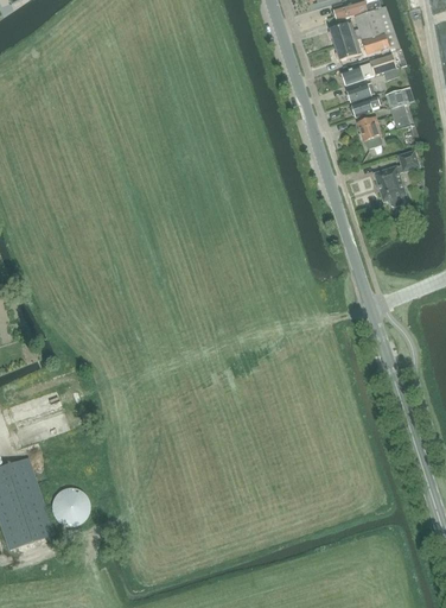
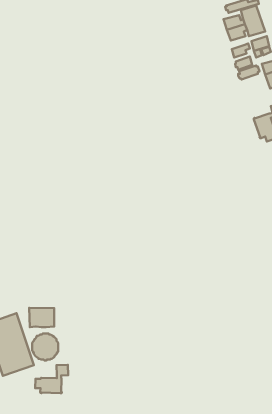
building: [358,116,382,148] -> none
building: none -> [29,308,54,327]
building: none -> [35,365,68,393]

